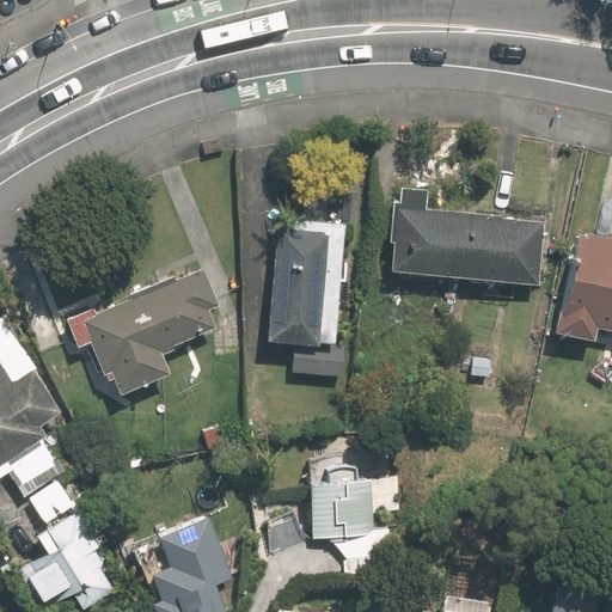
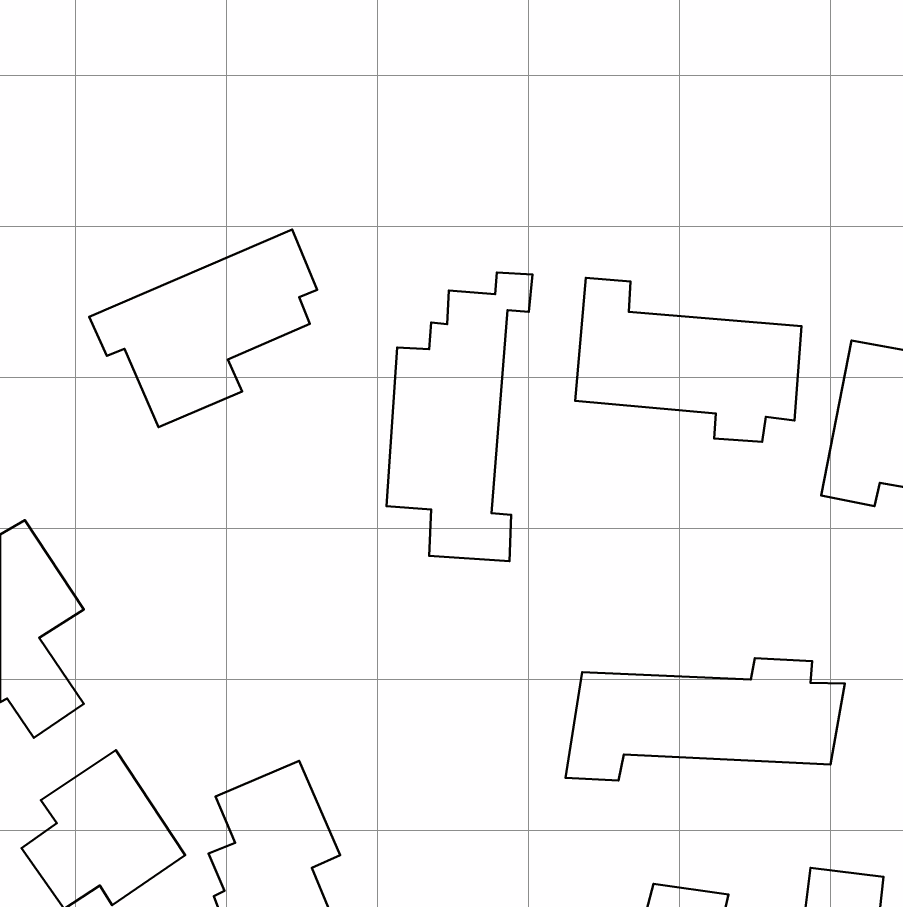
building: [67,265,220,398] -> [89,229,317,427]
building: none -> [565,658,845,781]
building: [306,477,374,538] -> none

